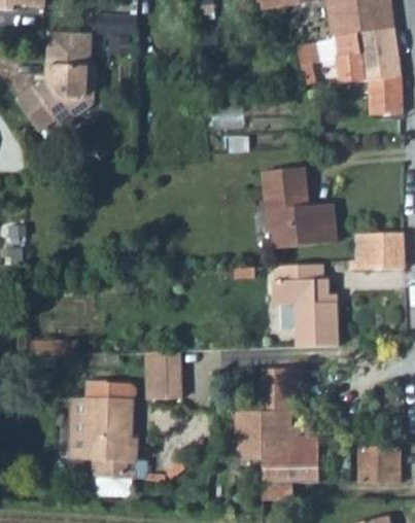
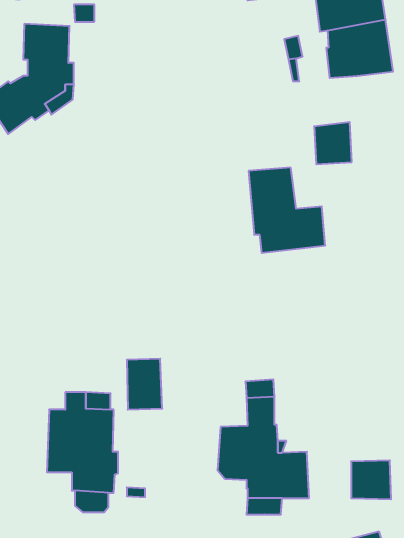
building: [367,75,403,115] -> [314,122,352,164]
building: [348,231,403,268] -> none
building: [273,264,338,347] -> none

